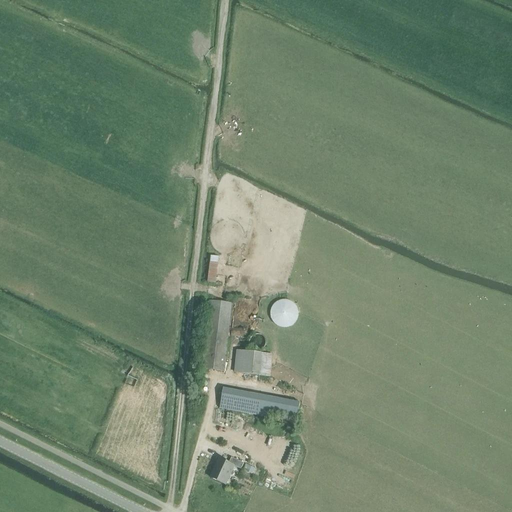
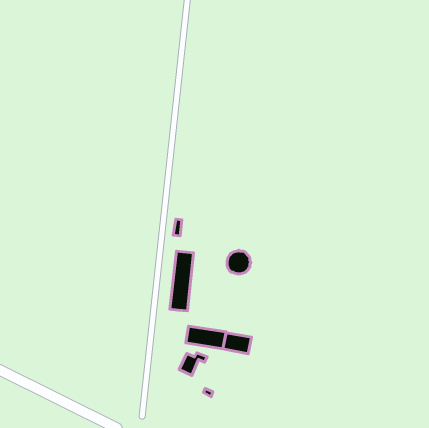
building: [234,348,271,374] -> none
building: [209,455,242,482] -> [179,353,207,375]

